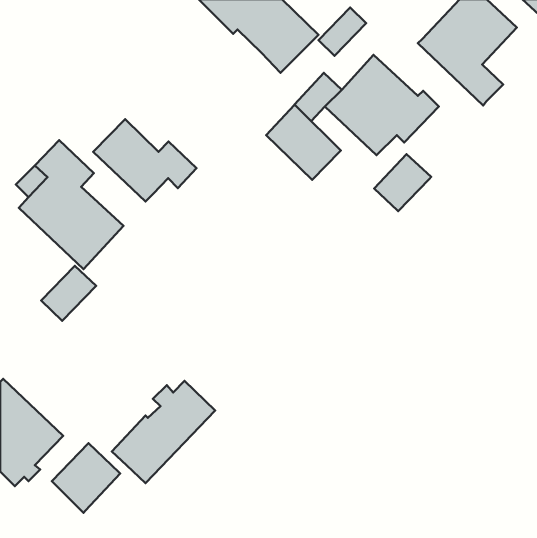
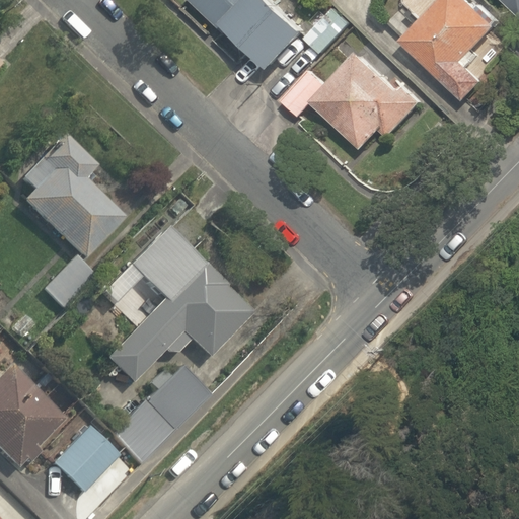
building: [266,105,341,180] -> none
building: [93,119,197,201] -> none
building: [374,154,431,211] -> none
building: none -> [104,229,249,383]

